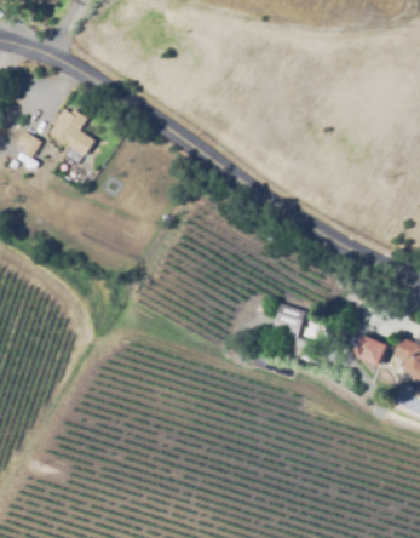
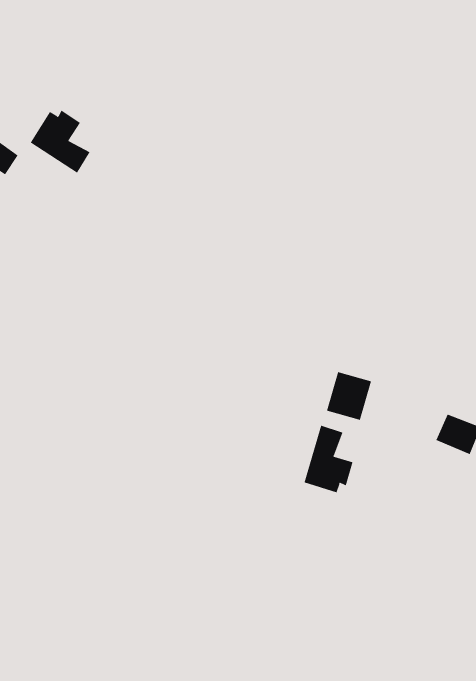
building: none -> [304,425,353,493]

